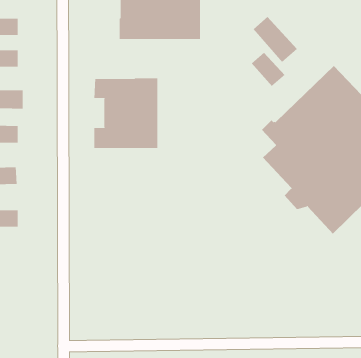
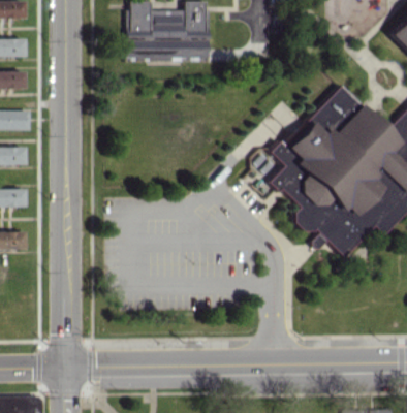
building: [253,16,298,63] -> none
building: [251,52,285,87] -> none
building: [94,77,158,149] -> none

